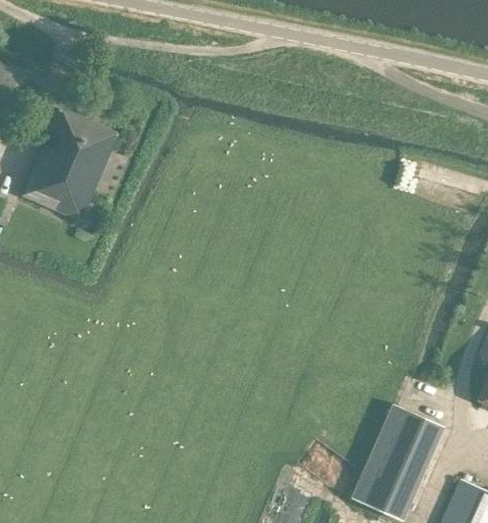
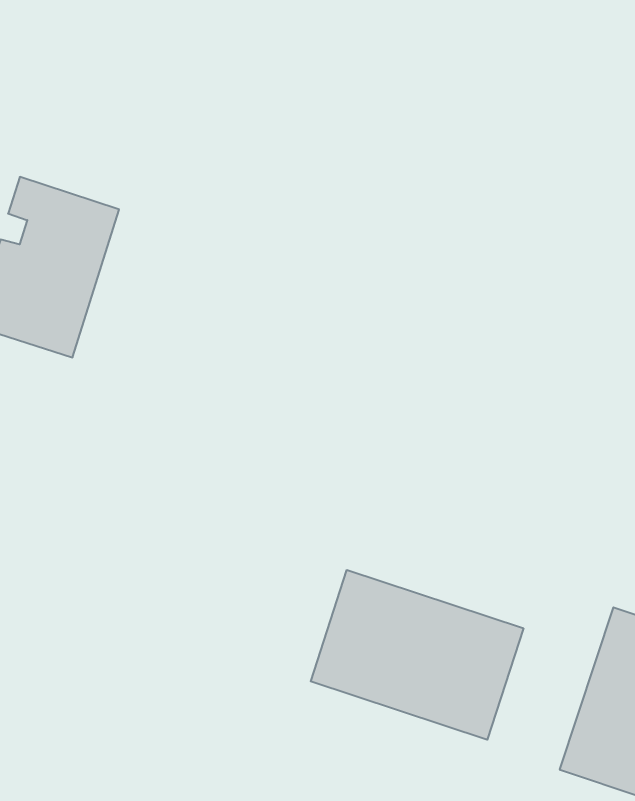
building: none -> [311,570,523,740]

